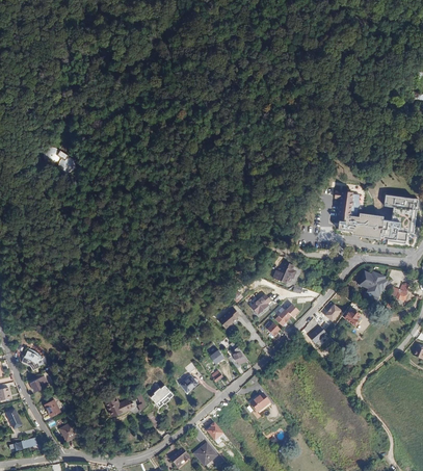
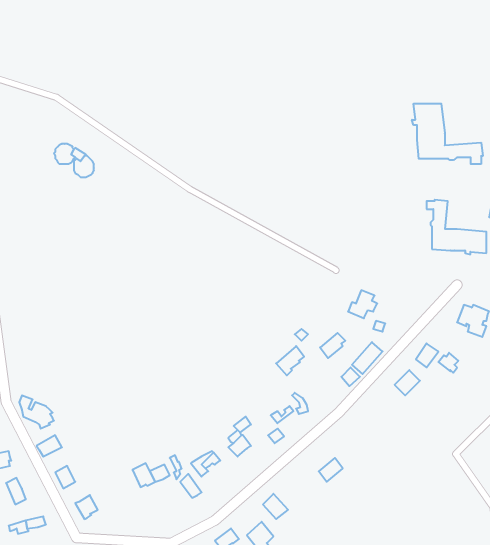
building: none -> [412,104,483,164]

